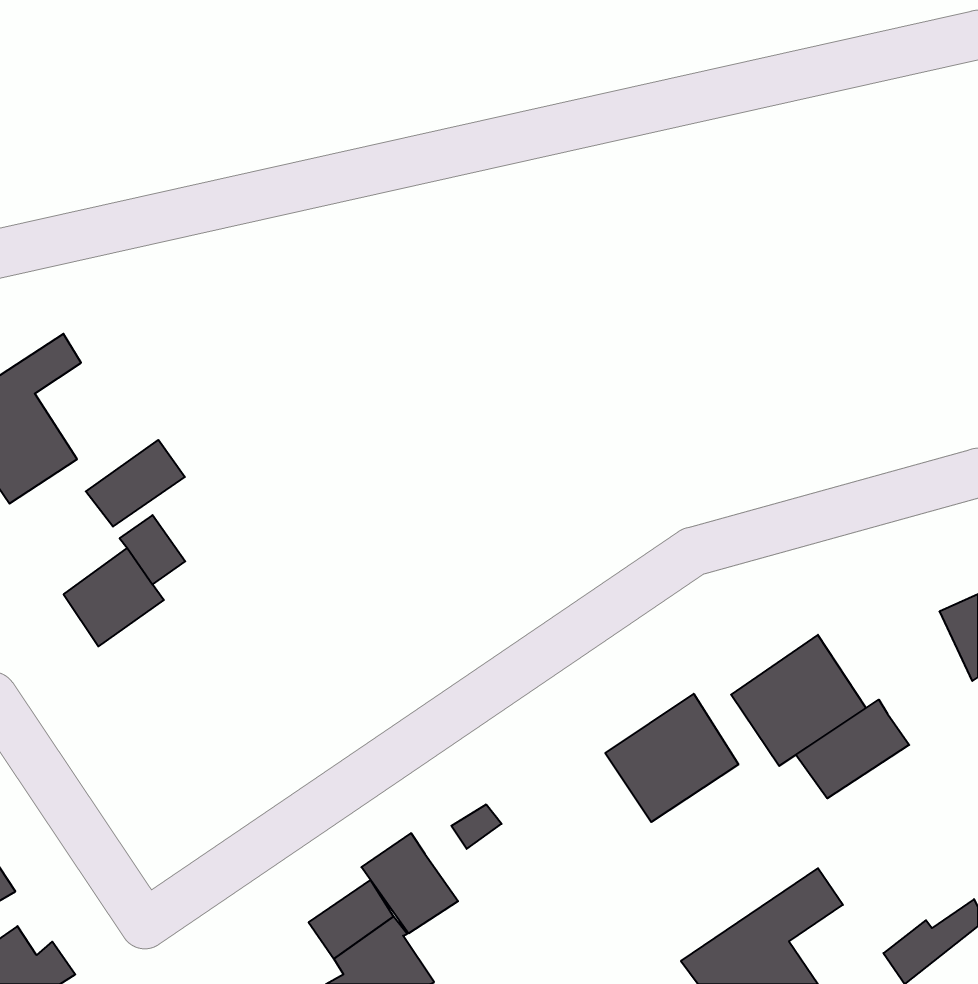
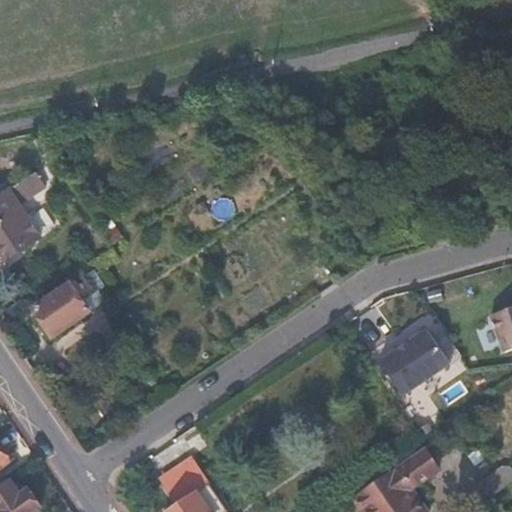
building: [86,440,185,527] -> none
building: [605,694,738,822] -> none
building: [796,700,909,798] -> none
building: [361,833,458,933] -> none

